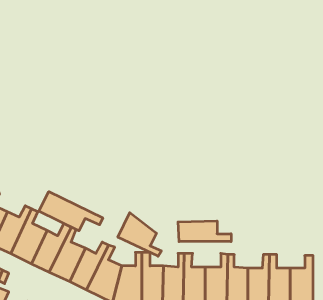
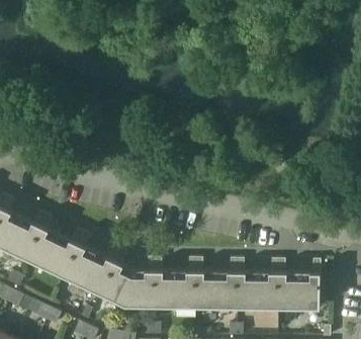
building: [39,192,103,231] -> none
building: [118,213,161,256] -> none
building: [178,221,231,242] -> none

